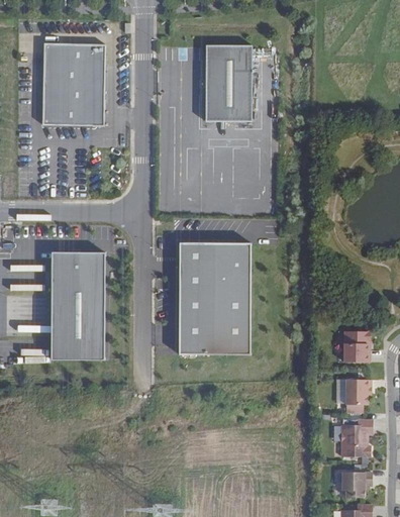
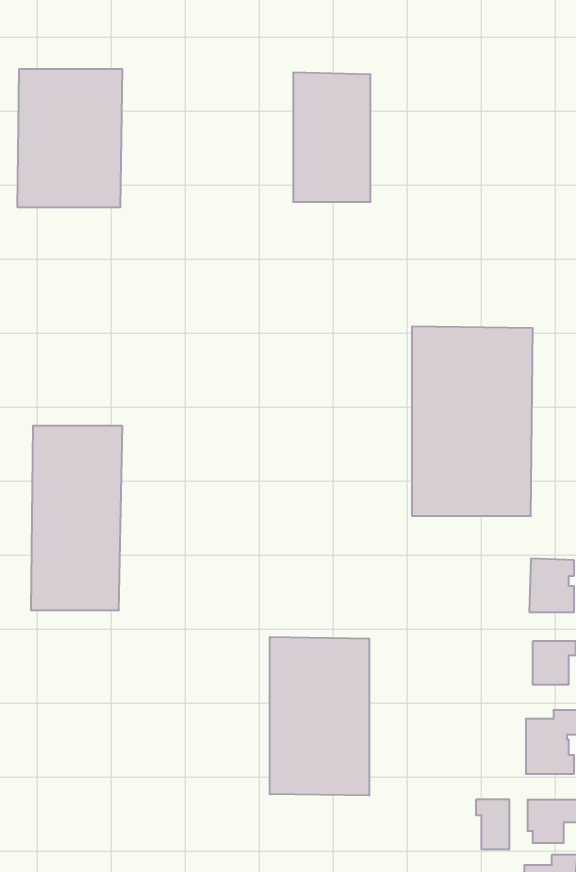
building: [180,242,251,353] -> [412,326,533,516]
building: none -> [270,637,369,796]
building: none -> [476,799,509,850]

